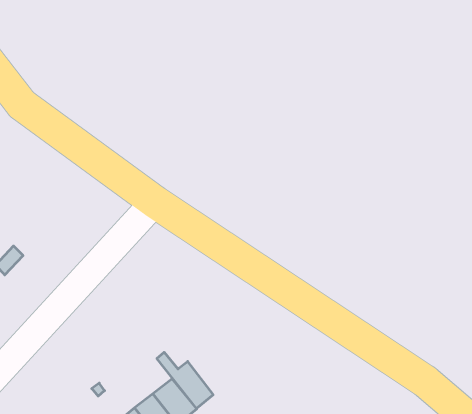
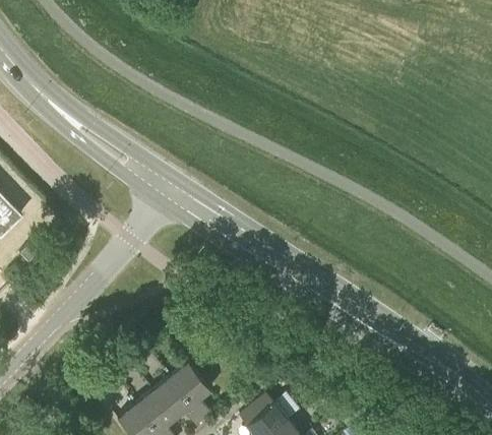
building: [157,352,213,408] -> none

